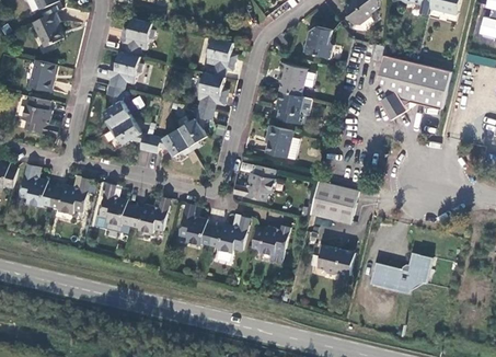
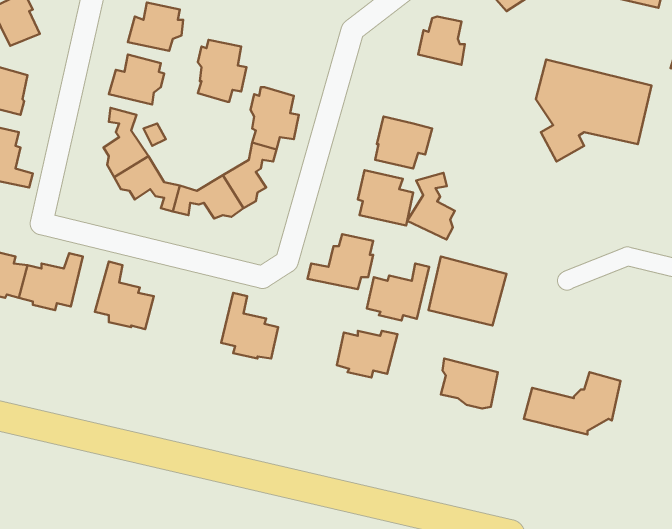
building: [206,38,237,78] -> [198,40,246,102]
building: [278,64,307,95] -> none
building: none -> [407,173,455,240]
building: [130,196,171,232] -> none
building: [210,216,250,252] -> [367,263,429,320]

